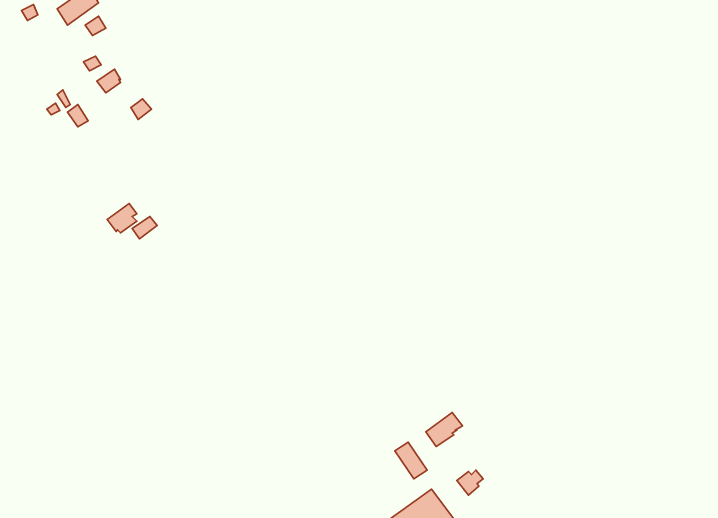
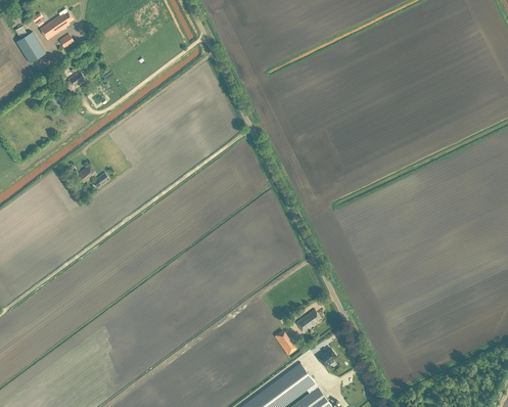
building: none -> [15,33,45,63]

